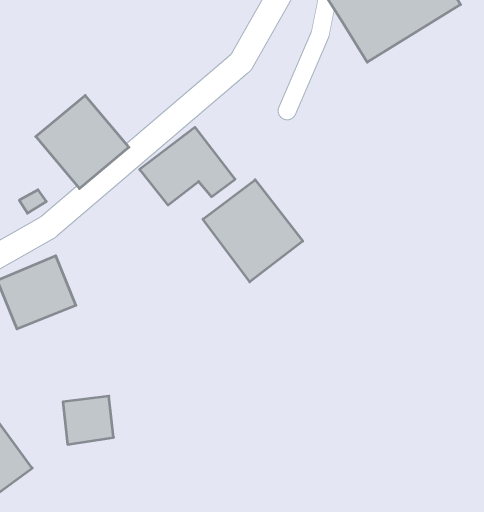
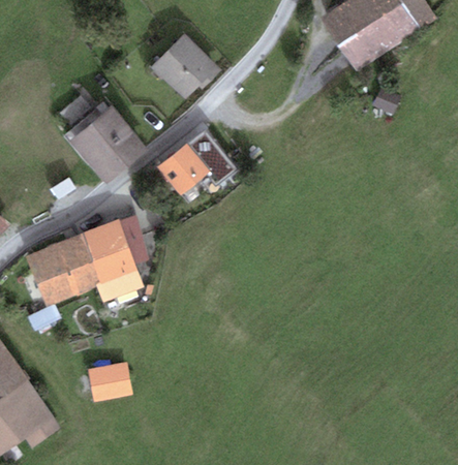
building: none -> [148,30,218,97]
building: [203,180,303,282] -> none
building: none -> [81,218,149,302]

